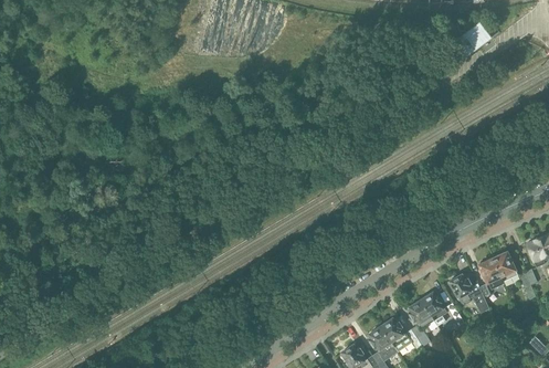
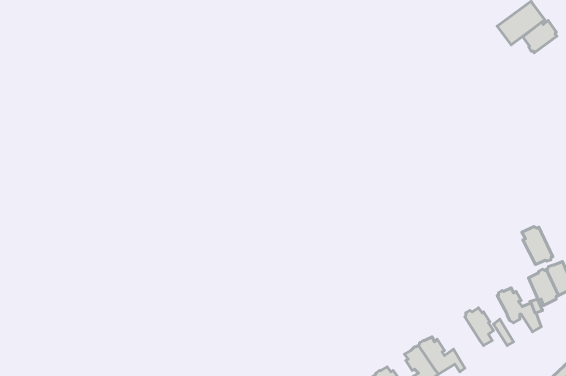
building: none -> [523,20,557,53]
building: none -> [522,226,553,265]
building: [409,299,435,346] -> none

